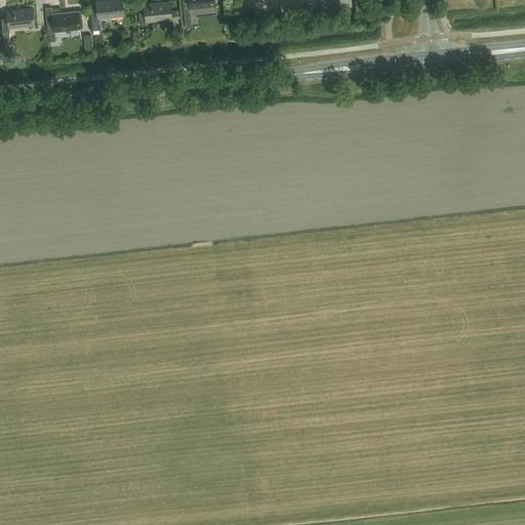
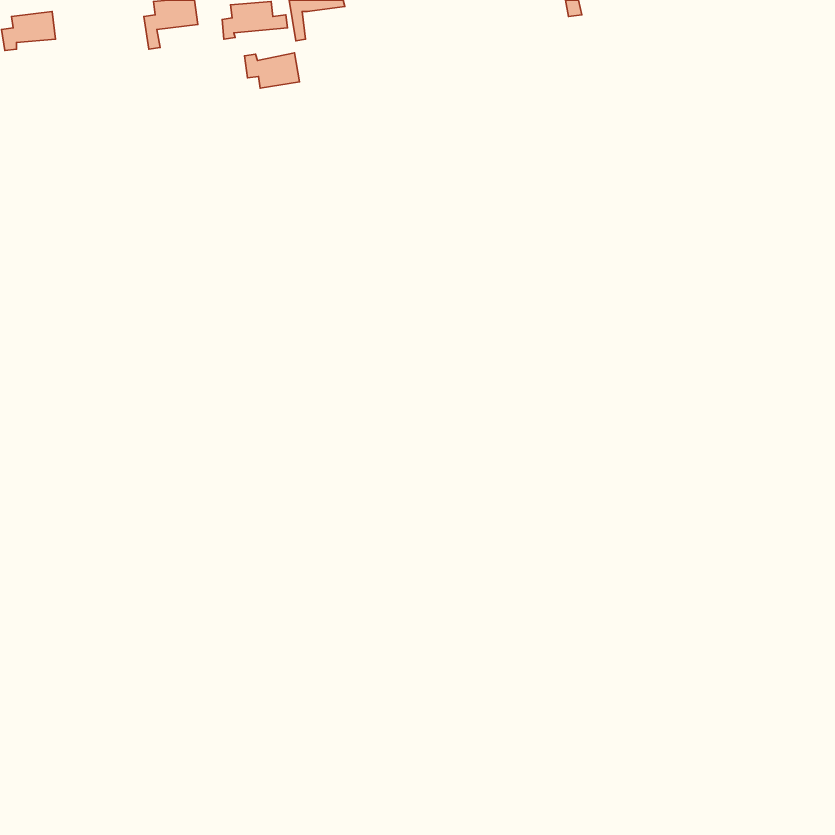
building: [47,11,80,41] -> none
building: none -> [245,53,299,88]

